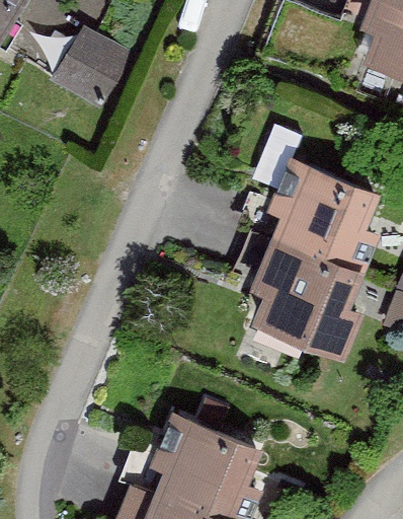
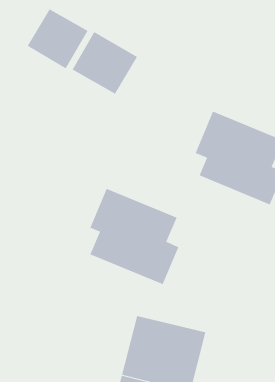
building: none -> [72,31,138,95]
building: [246,239,359,362] -> [90,188,179,285]

